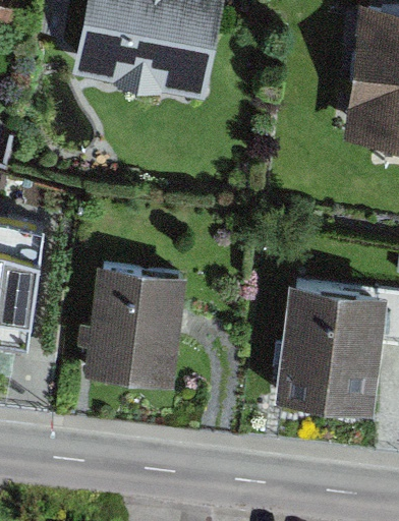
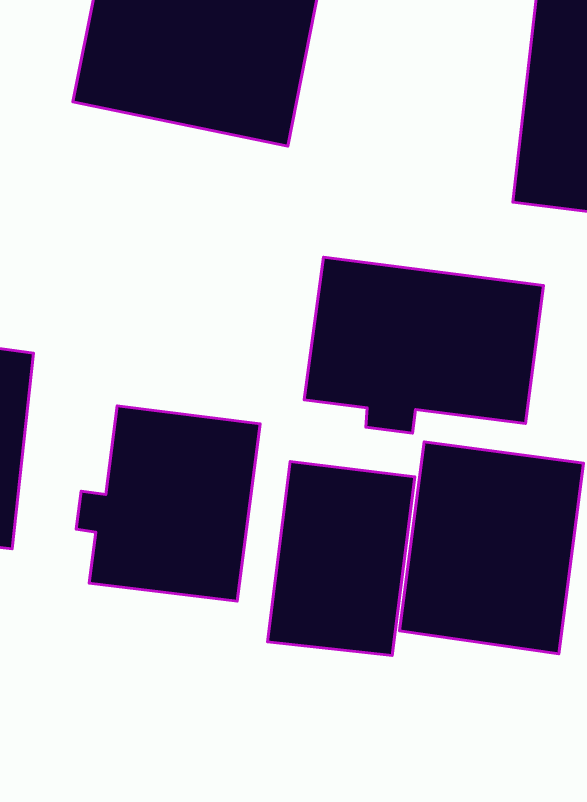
building: none -> [304,257,544,433]
building: none -> [267,462,415,656]

